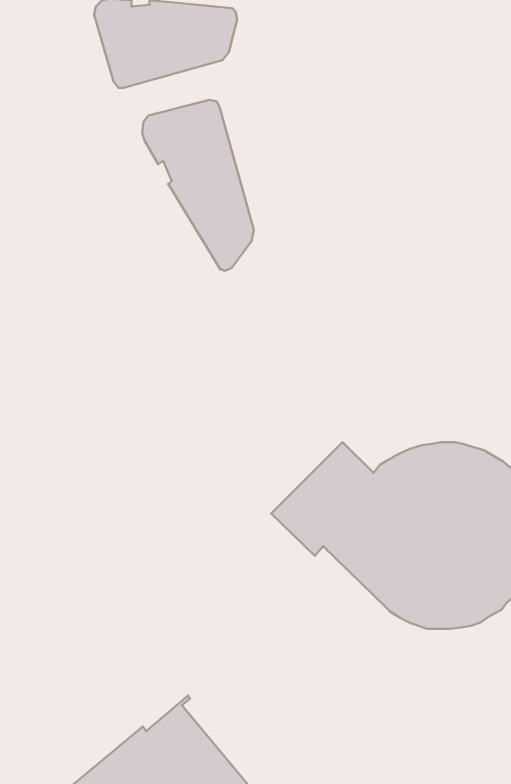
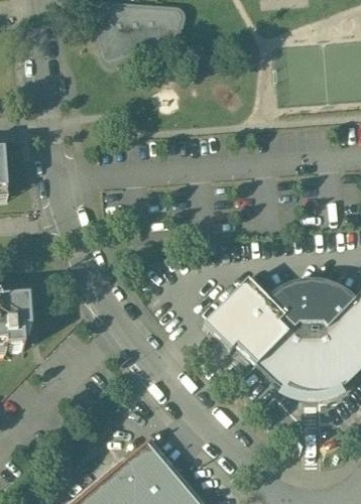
building: [142,100,254,271] -> none

